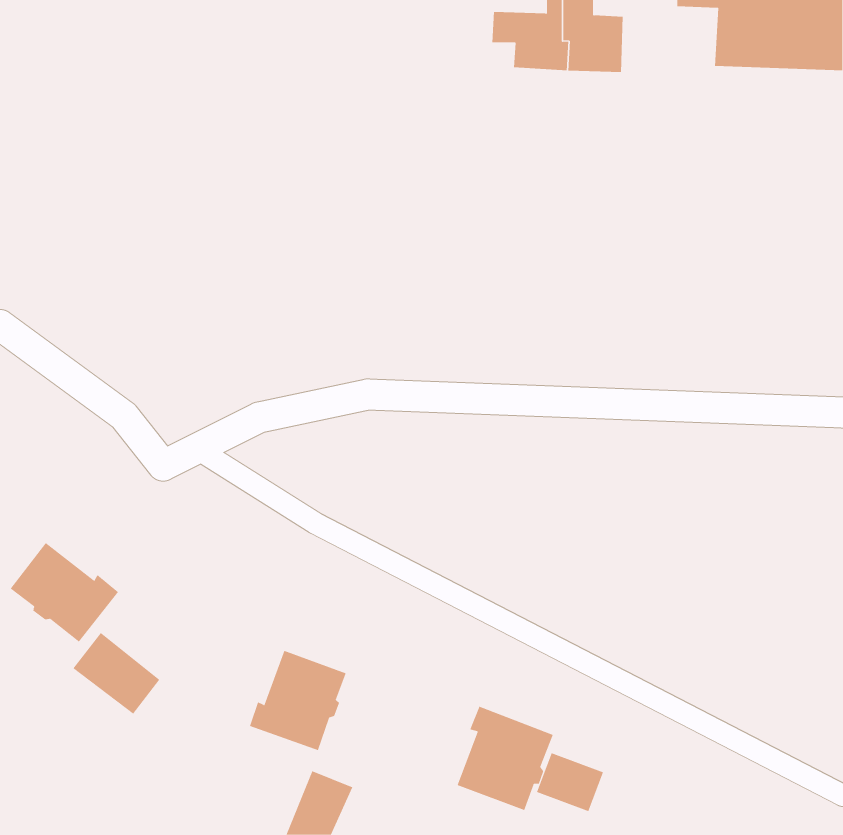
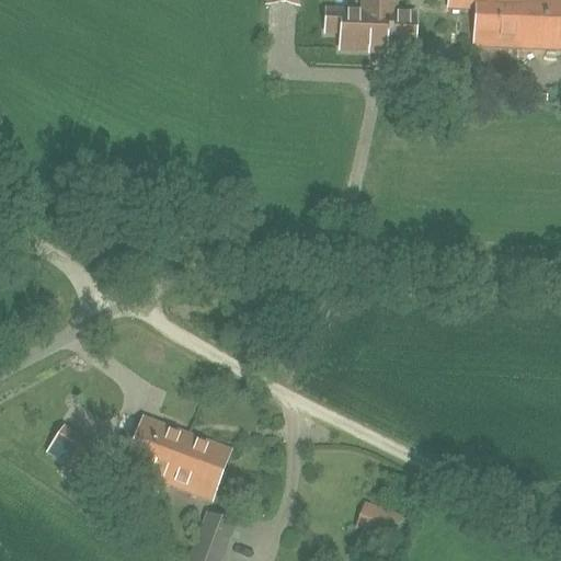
building: [10,542,119,643] -> none
building: none -> [125,415,188,482]
building: [457,706,554,811] -> none

